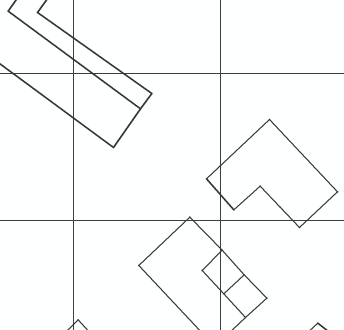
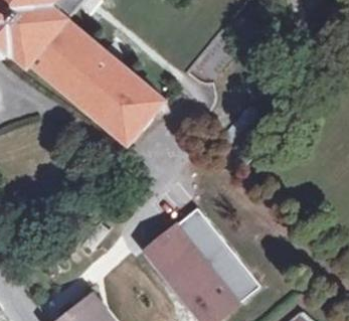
building: [207,120,337,228] -> none

